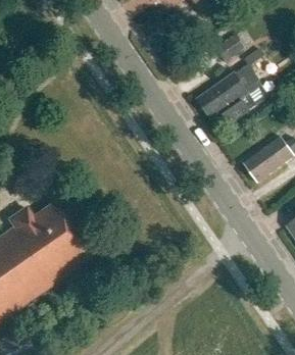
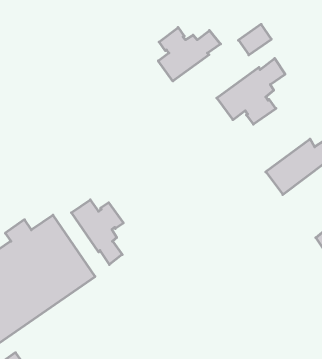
building: none -> [158,27,221,81]
building: none -> [71,200,123,265]

